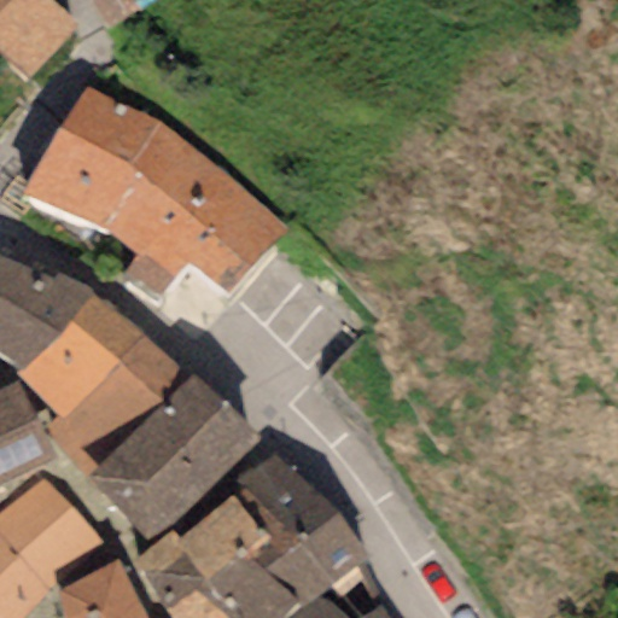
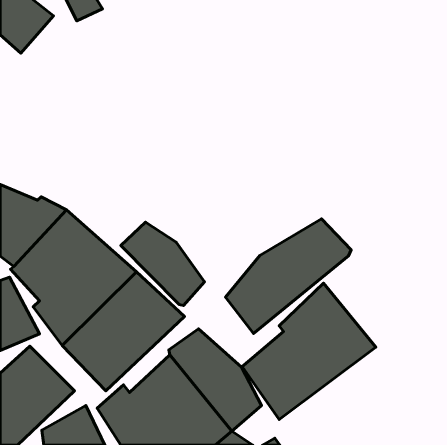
building: [21,86,285,295] -> none
building: none -> [225,219,351,333]
building: none -> [121,222,205,306]
building: none -> [241,283,376,420]

